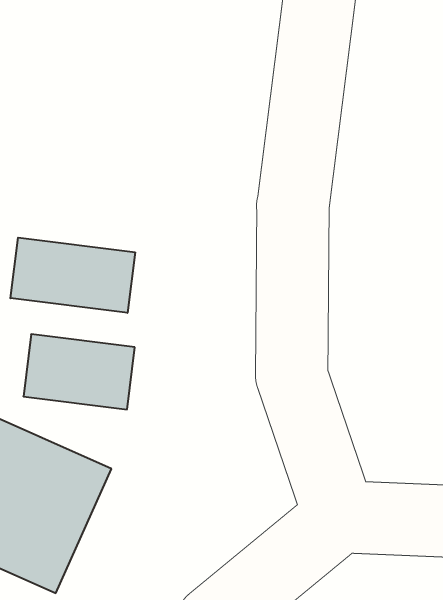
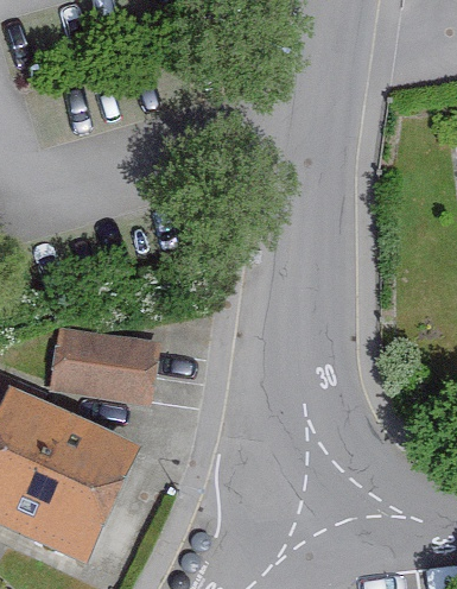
building: [10,238,135,313] -> none

